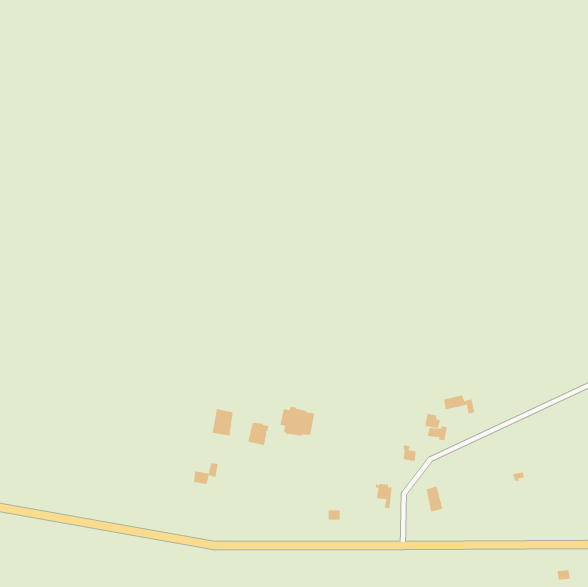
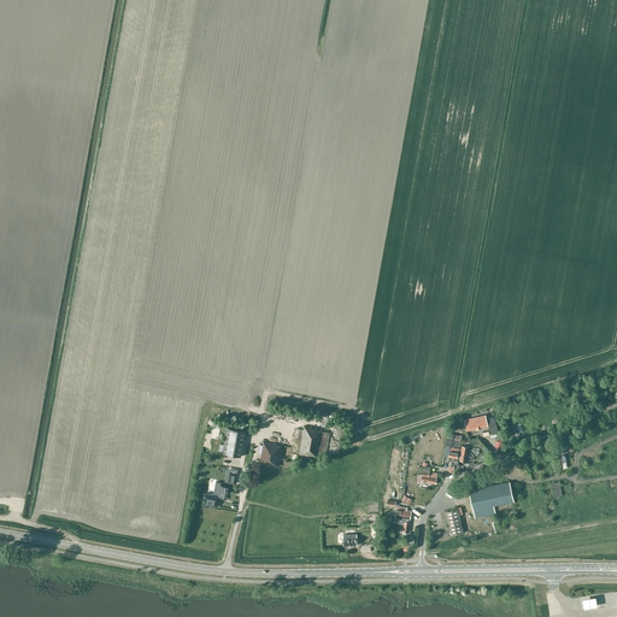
building: none -> [469,483,513,519]

